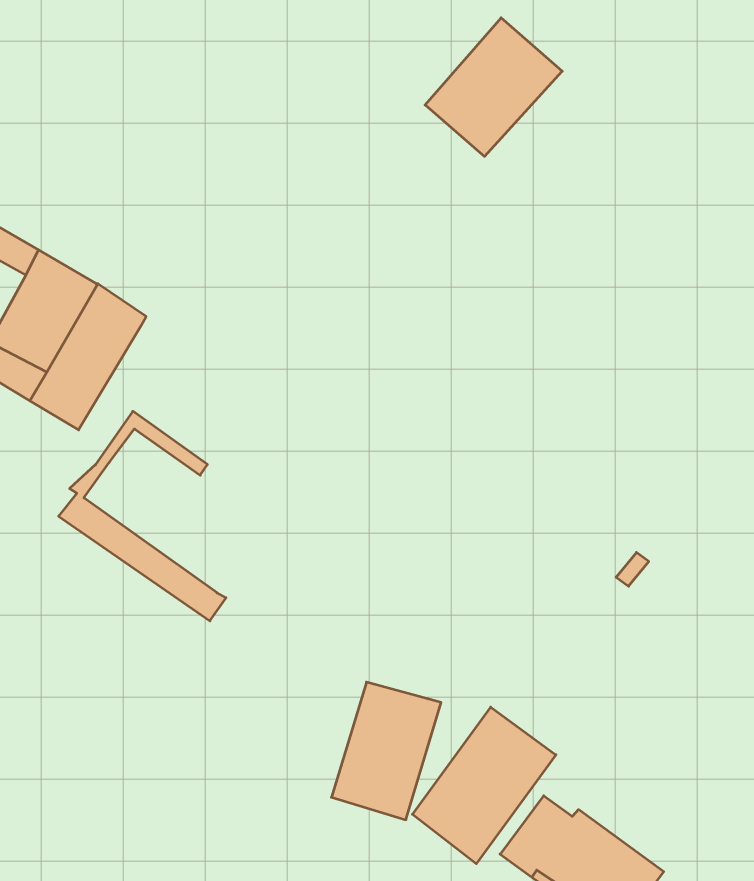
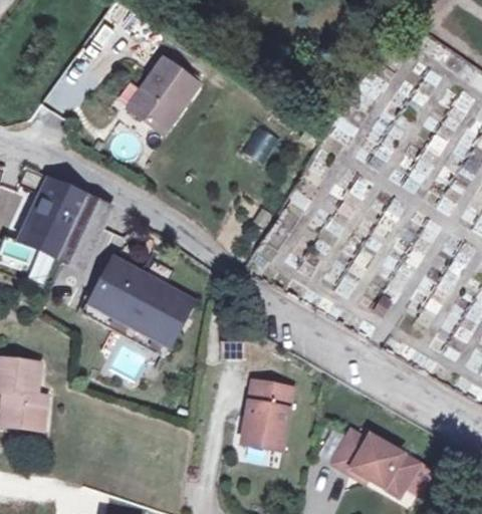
building: [425,18,562,156] -> [132,56,201,130]
building: none -> [92,262,189,342]
building: [412,707,556,864] -> none

